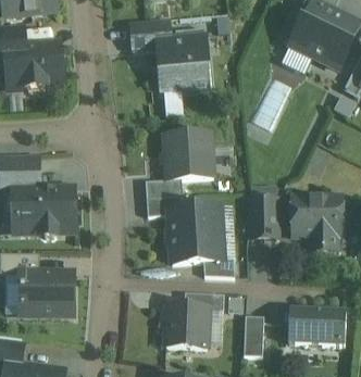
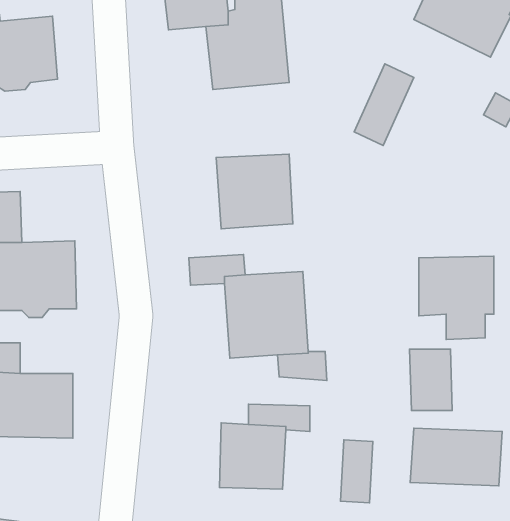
building: [145,178,182,198] -> none
building: [250,198,277,237] -> [410,349,452,410]

